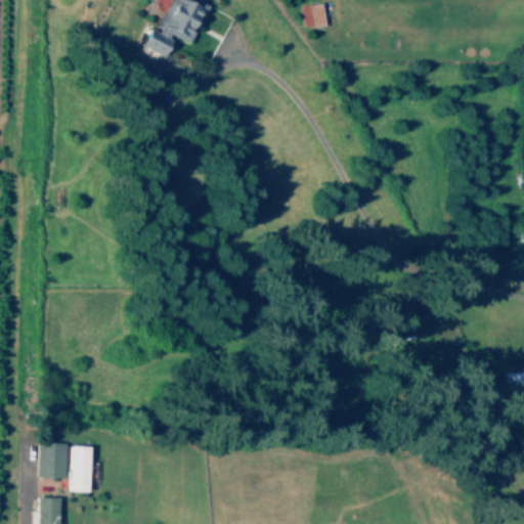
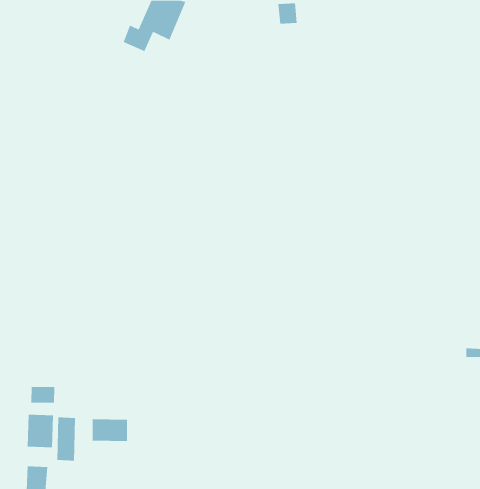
building: none -> [31,386,55,404]
building: none -> [92,418,128,442]

